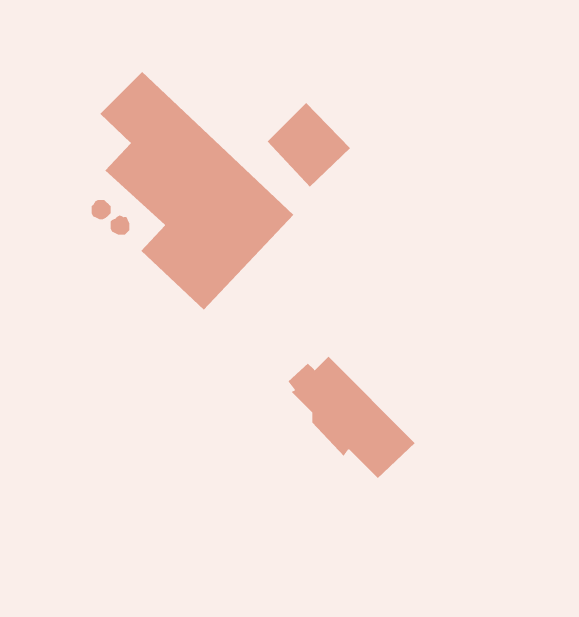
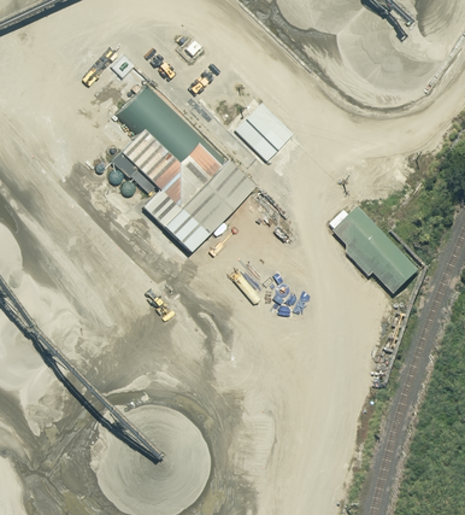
building: [287,356,416,479] -> [331,210,422,297]

